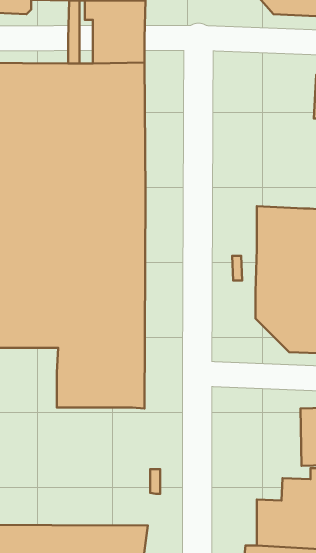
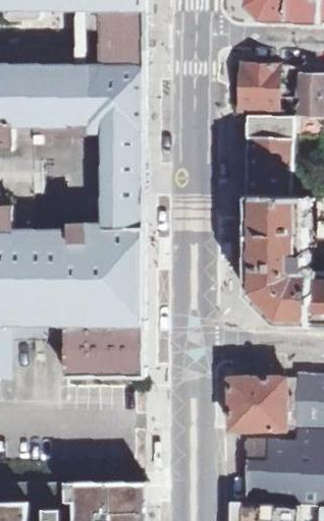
building: none -> [237,66,278,113]
building: none -> [245,117,291,197]
building: none -> [228,379,285,431]

